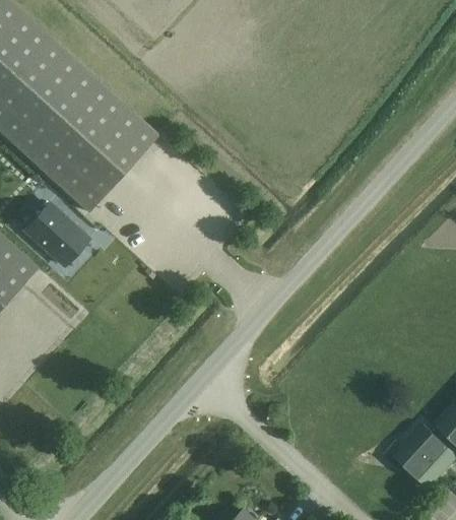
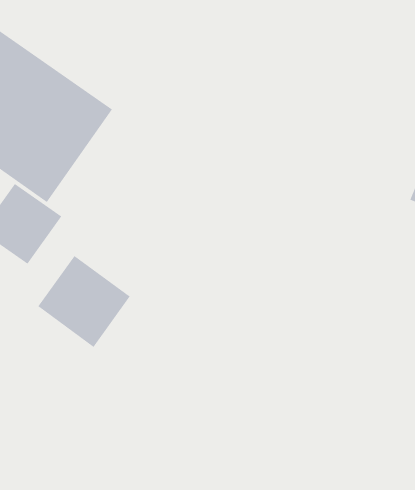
building: none -> [38,255,130,348]

